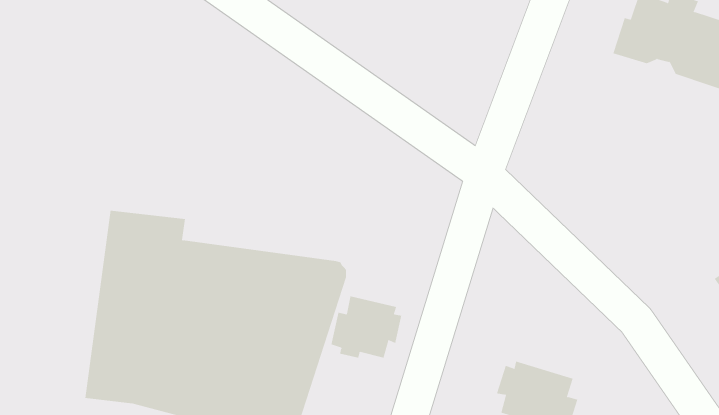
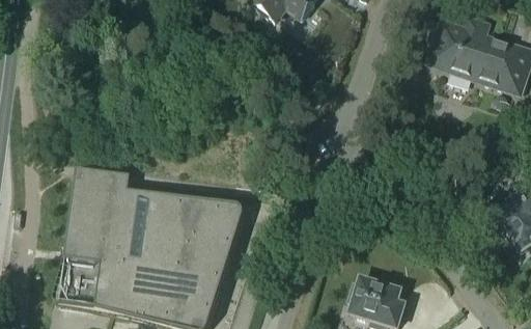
building: [331,296,402,358] -> none

